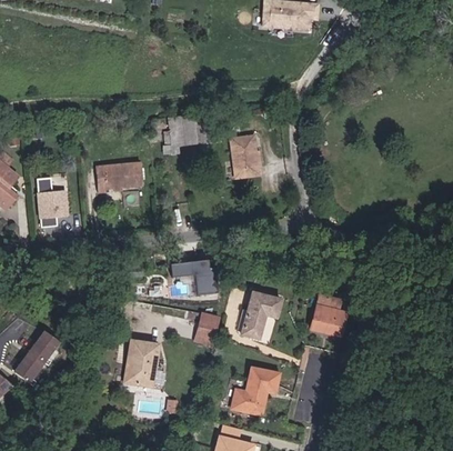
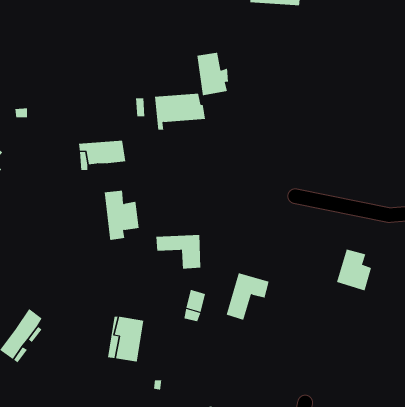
building: [229,136,261,179] -> [196,52,229,96]
building: [38,176,73,225] -> [104,190,140,240]
building: [312,299,348,341] -> [336,249,372,291]
building: [242,370,279,417] -> none

